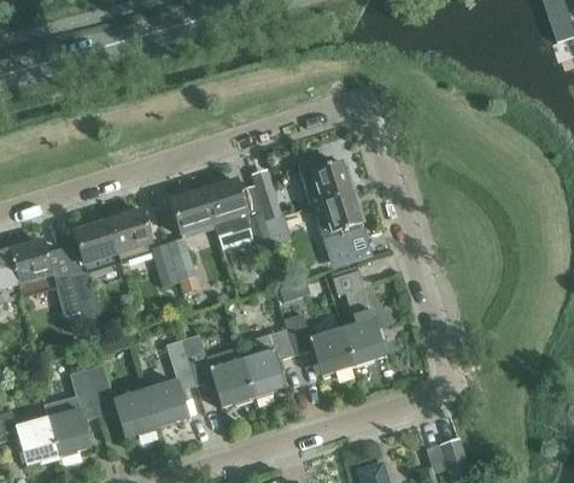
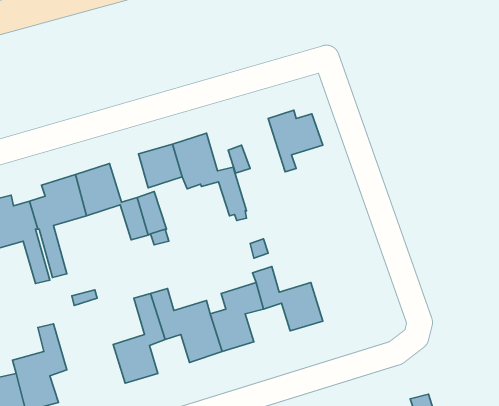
building: [322,190,364,259] -> none
building: [332,267,386,365] -> none
building: [86,363,157,436] -> none

